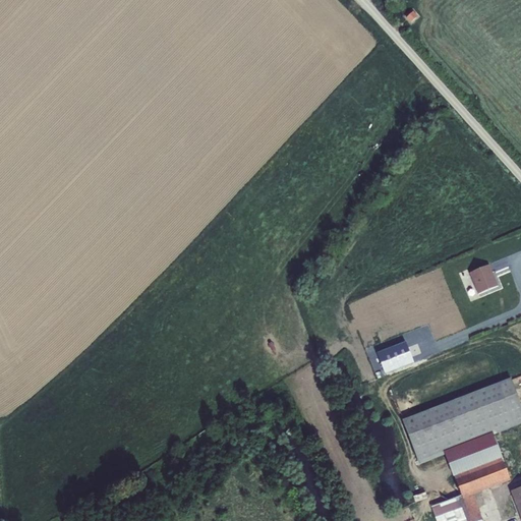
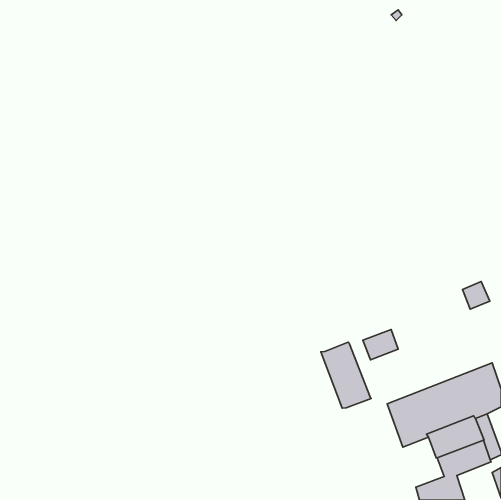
building: [469,264,498,292] -> [462,282,490,309]
building: none -> [321,342,371,408]

